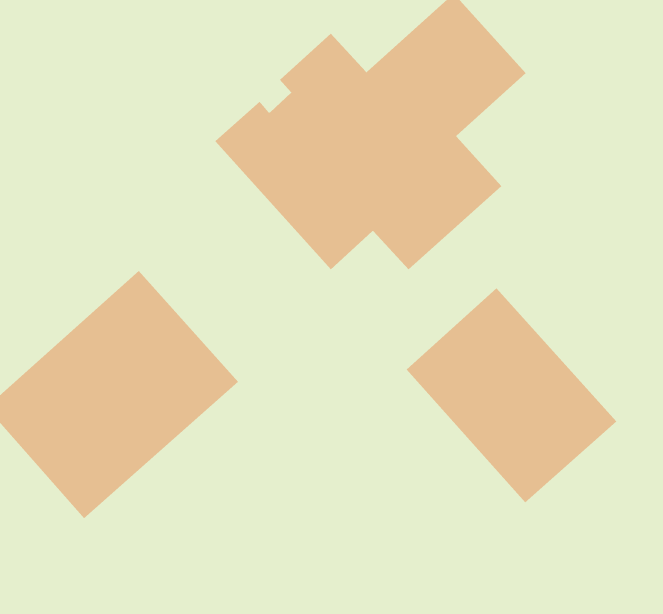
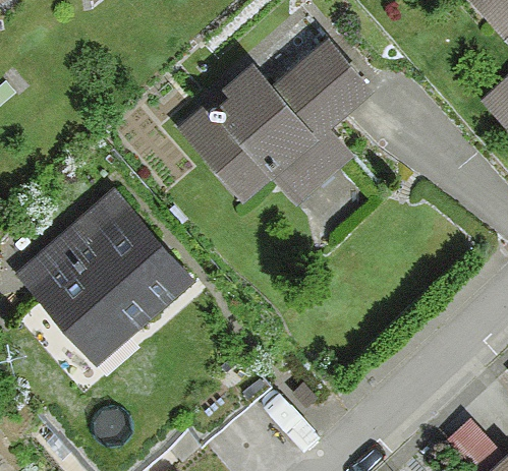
building: [406,288,617,503] -> none

